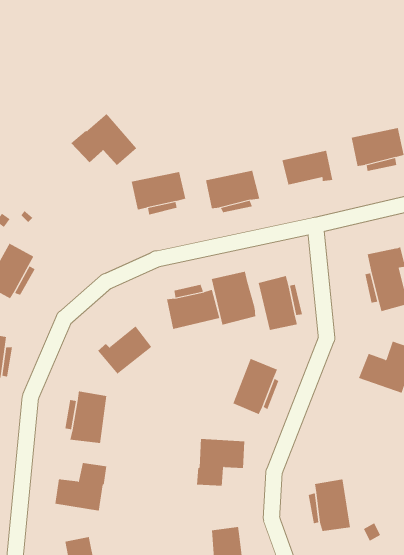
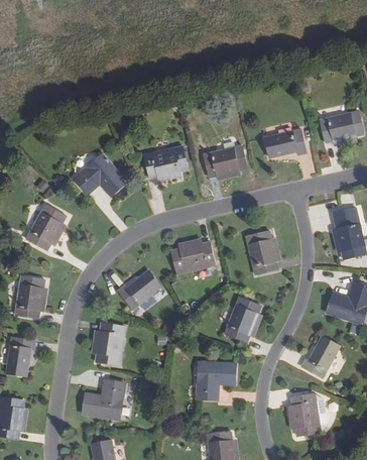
building: [71,113,137,166] -> [73,153,126,196]
building: [211,271,256,325] -> none
building: none -> [300,337,340,378]

